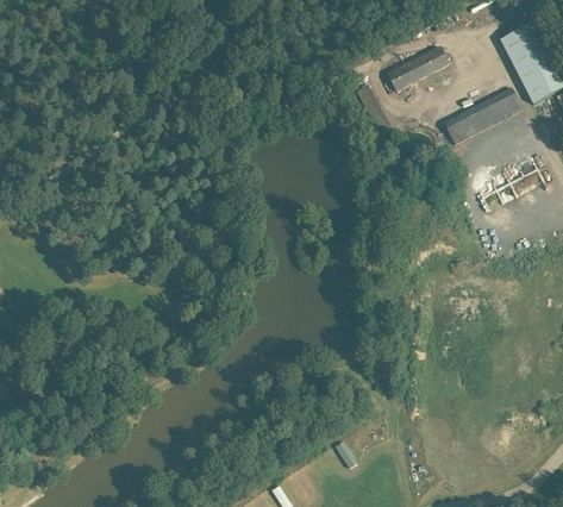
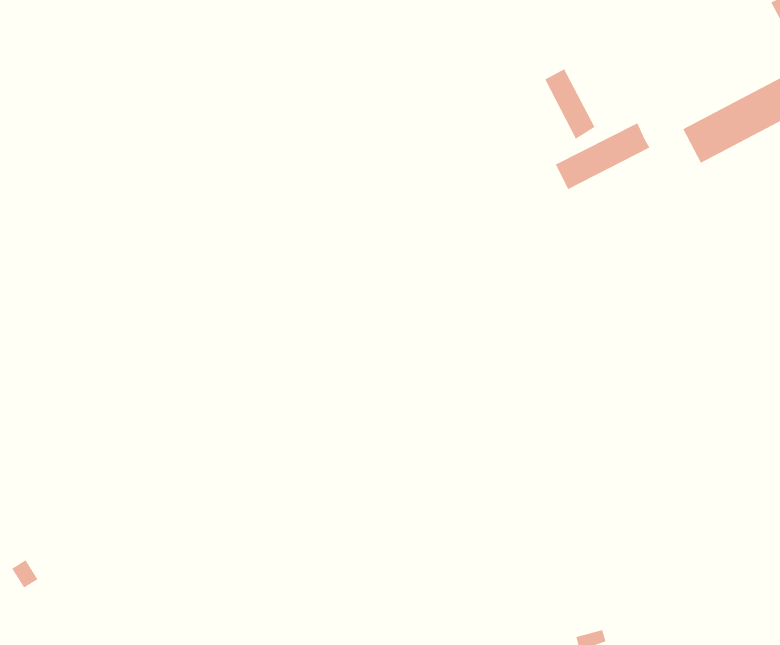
building: [387,46,449,90] -> [555,122,651,190]

